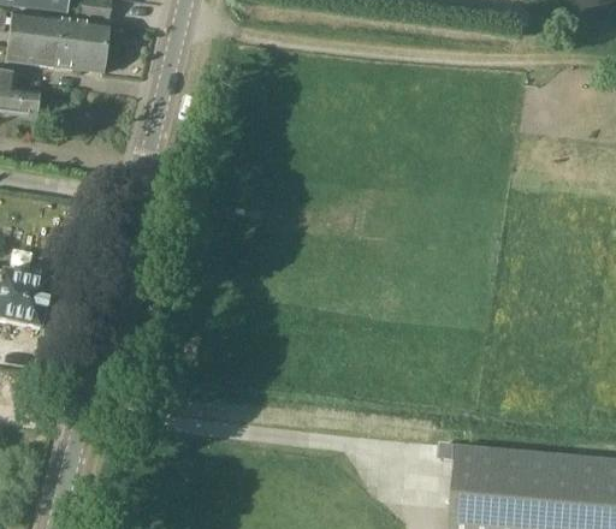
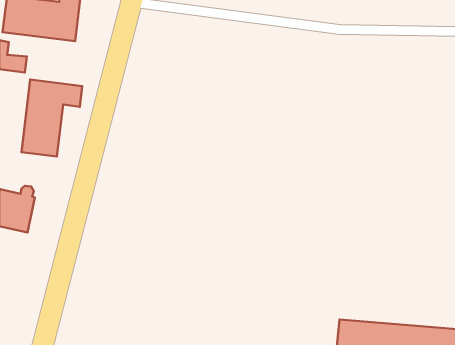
building: none -> [21,79,82,157]

